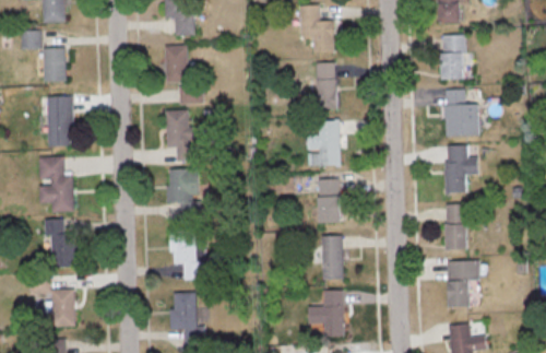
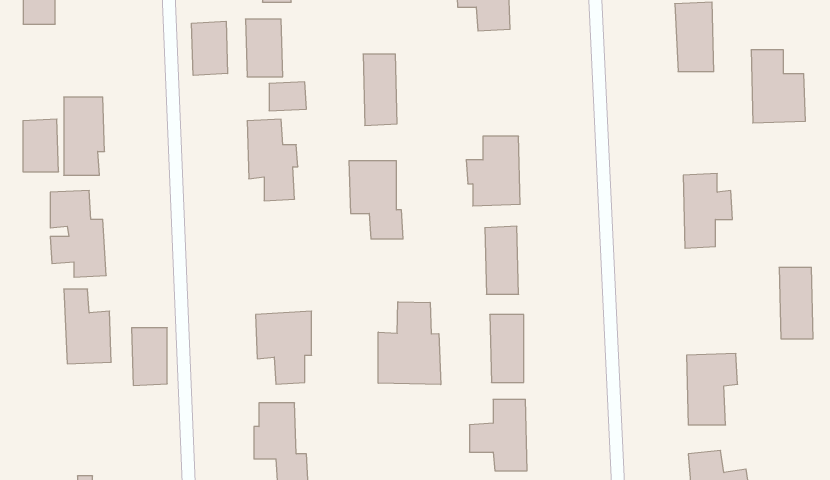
building: none -> [192,21,228,75]
building: [43,48,66,82] -> [23,119,59,172]
building: [316,63,337,109] -> [363,54,397,125]
building: [444,90,479,137] -> [751,50,805,123]
building: [166,169,201,220] -> [349,161,403,239]
building: [444,204,466,250] -> [779,267,813,339]
building: none -> [378,302,441,385]
building: [51,290,74,327] -> [132,328,167,385]

